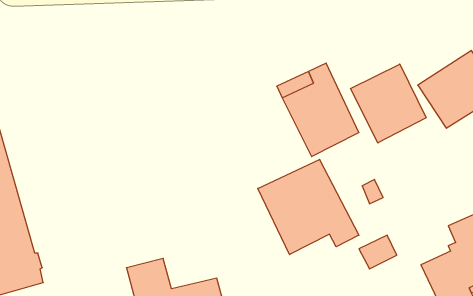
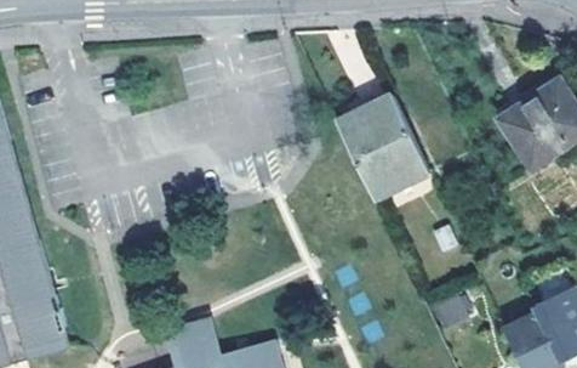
building: [351,64,426,143] -> none
building: [258,159,359,255] -> none

